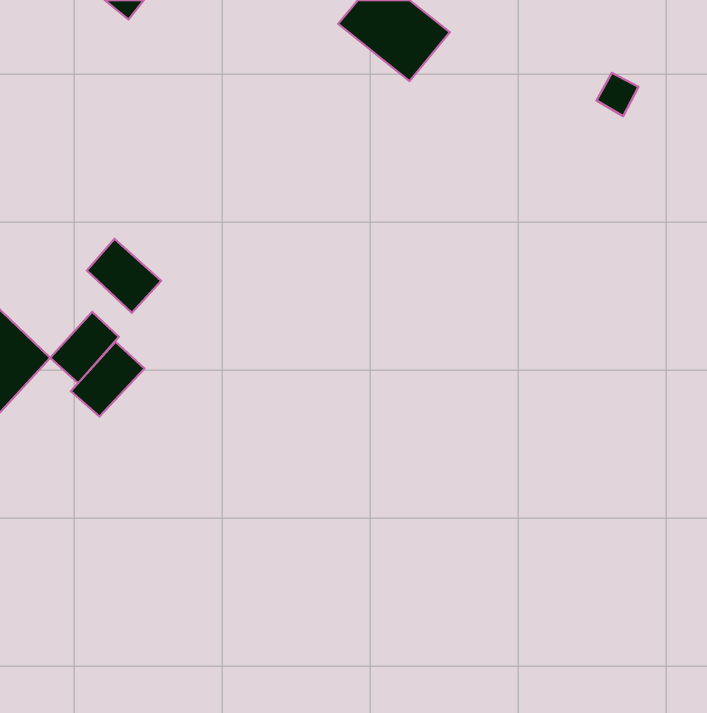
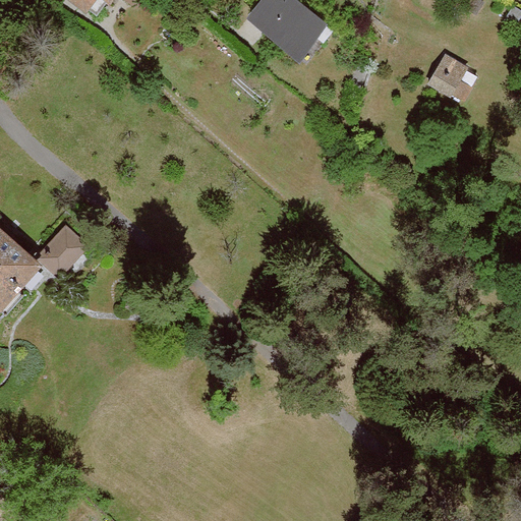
building: [87,239,161,313] -> none
building: [71,342,145,416] -> none

